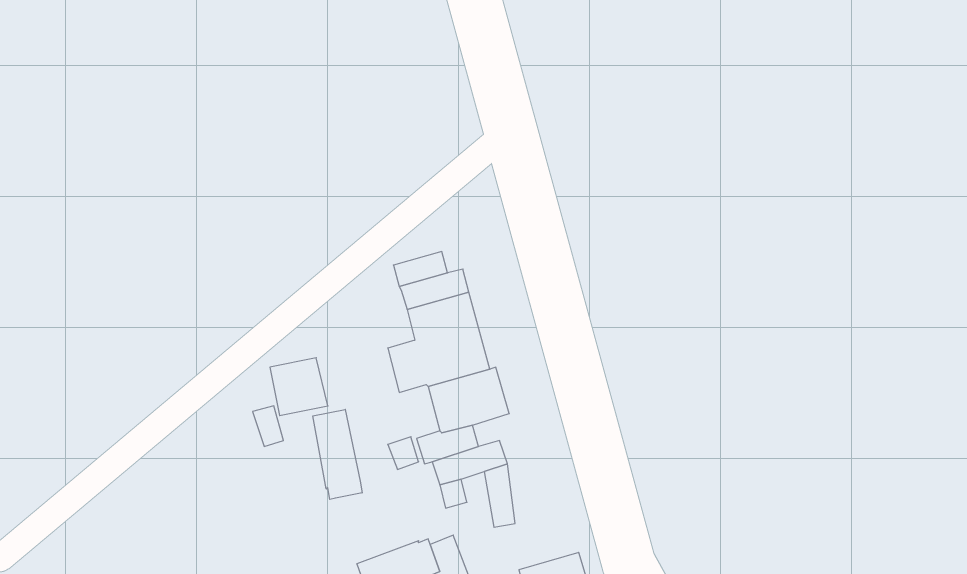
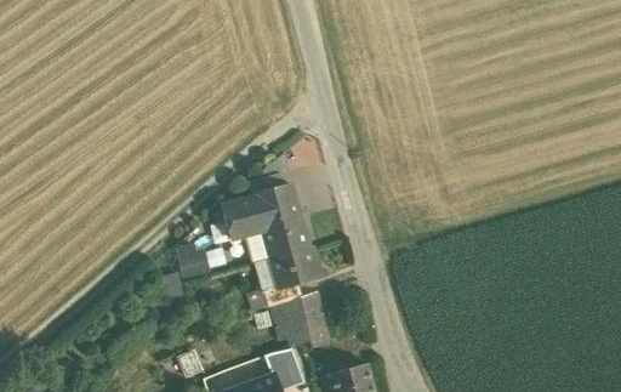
building: none -> [221,198,262,239]
building: [313,409,362,499] -> none

